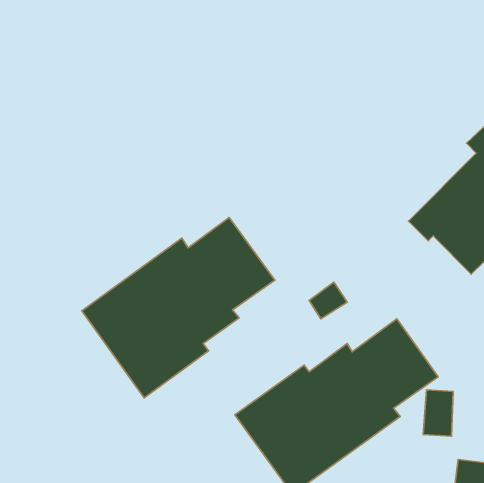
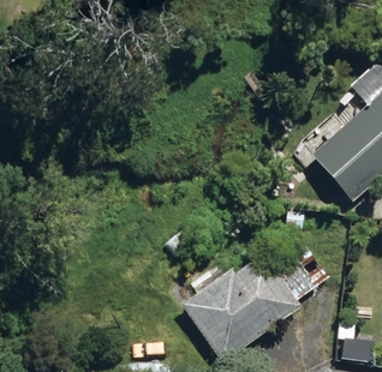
building: [82,217,275,398] -> none

